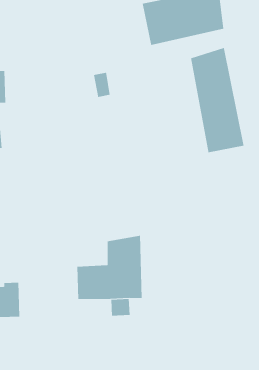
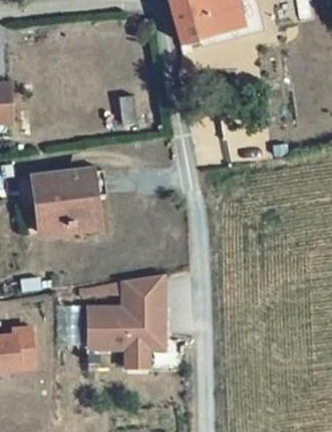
building: [190,47,244,153] -> none
building: none -> [27,173,101,230]

